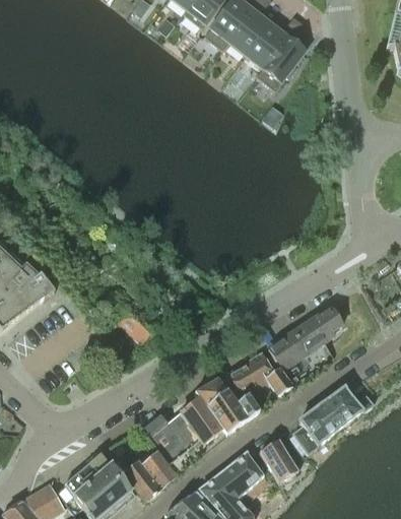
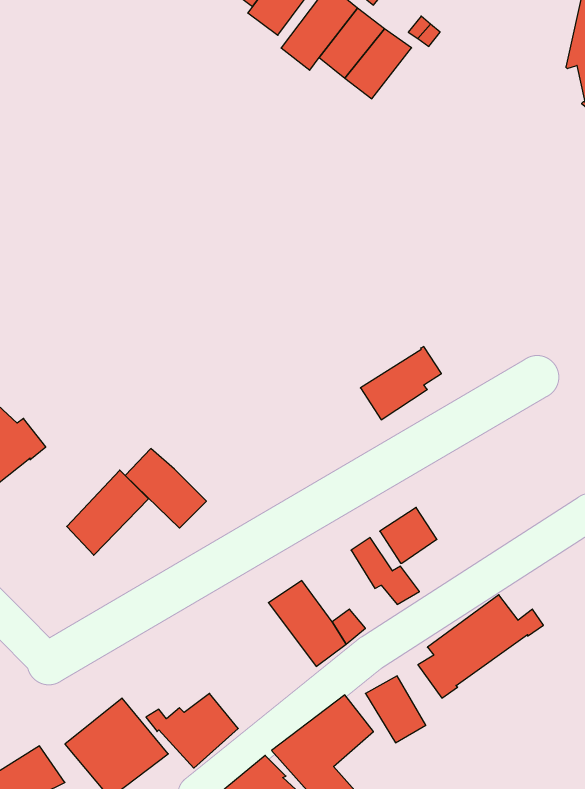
building: [257,38,307,92] -> none
building: [291,305,343,351] -> [360,347,441,420]
building: none -> [67,470,149,555]
building: [223,359,265,397] -> none
building: [145,397,222,462] -> none

